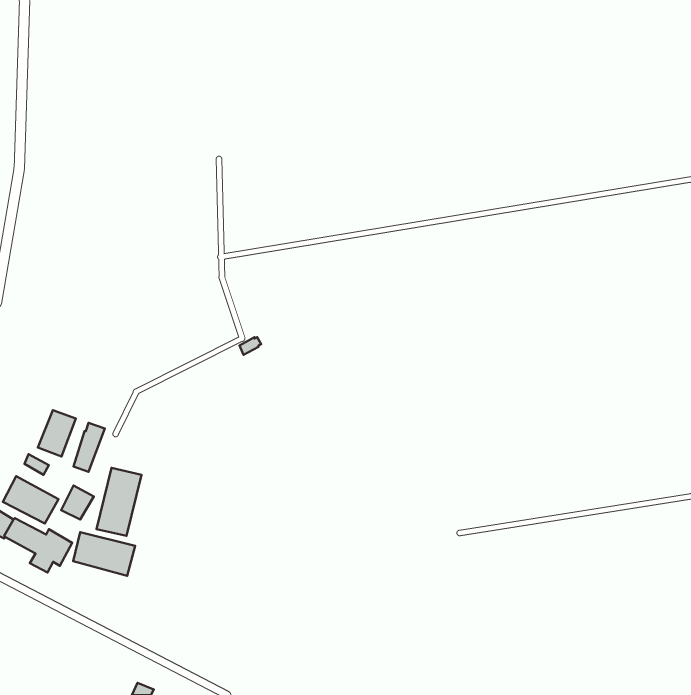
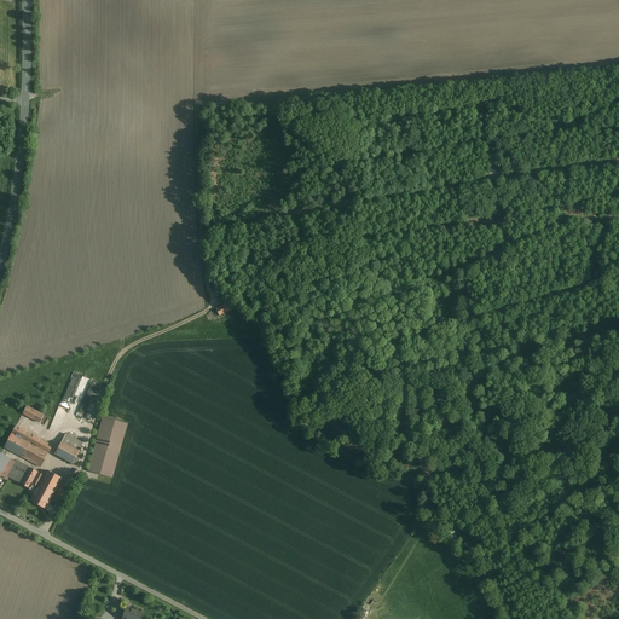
building: [38,410,76,457] -> none
building: [73,532,135,576] -> none

